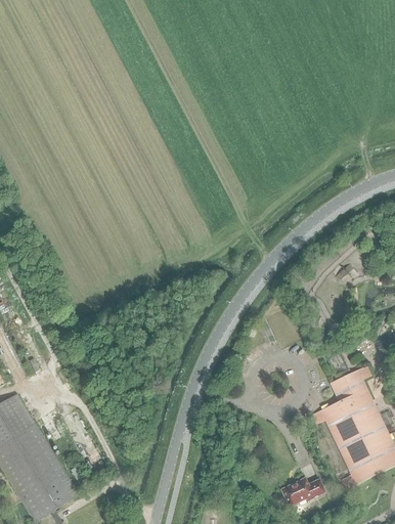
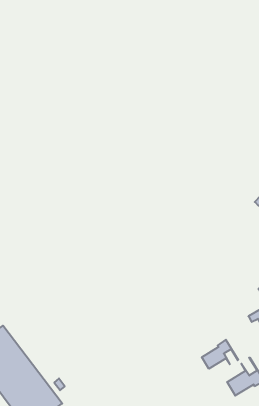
building: none -> [202,340,238,369]

